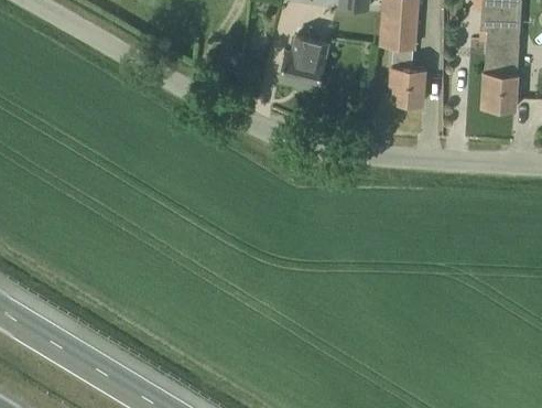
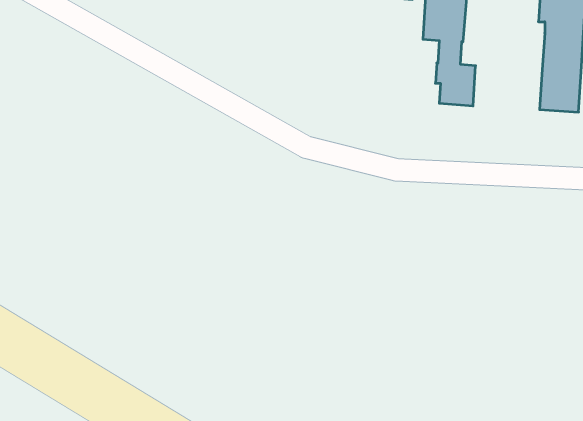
building: [280,37,328,90] -> none

